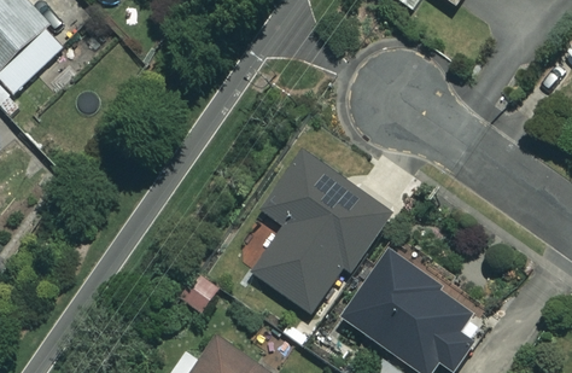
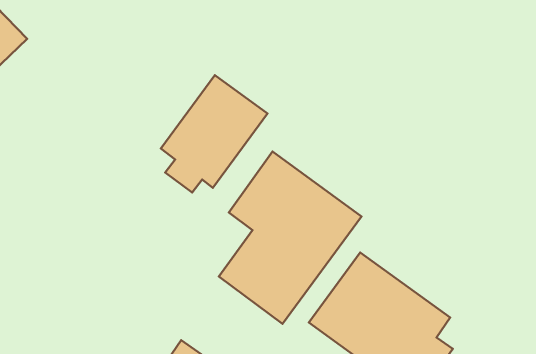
building: none -> [161,75,267,192]

